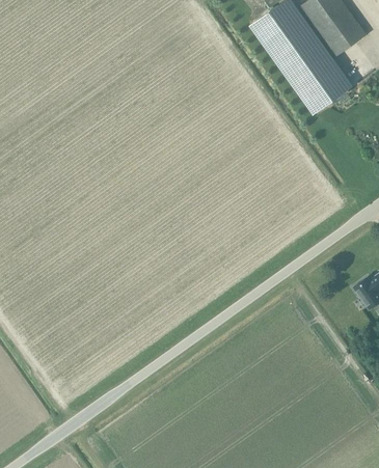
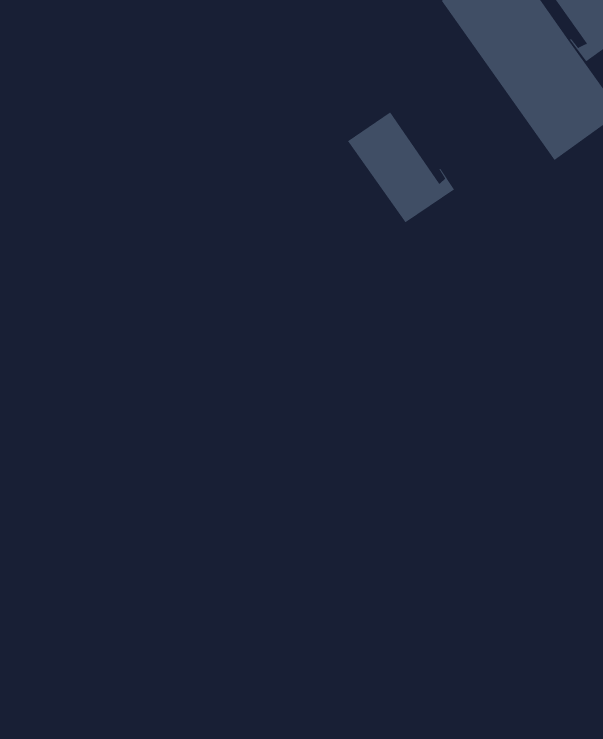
building: none -> [347,112,455,223]

